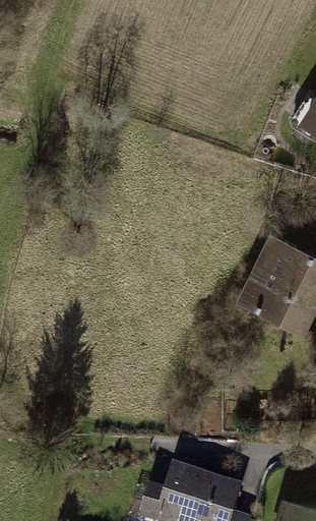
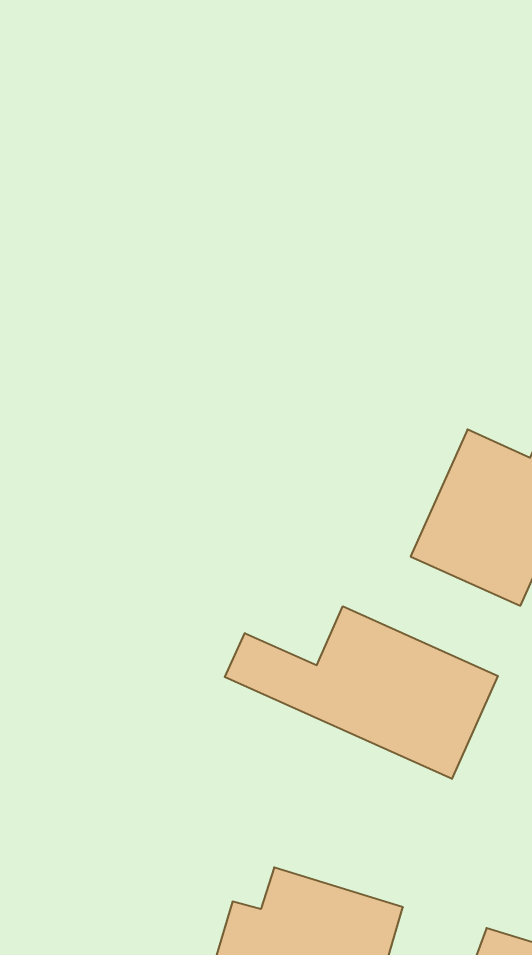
building: none -> [225,606,498,779]

